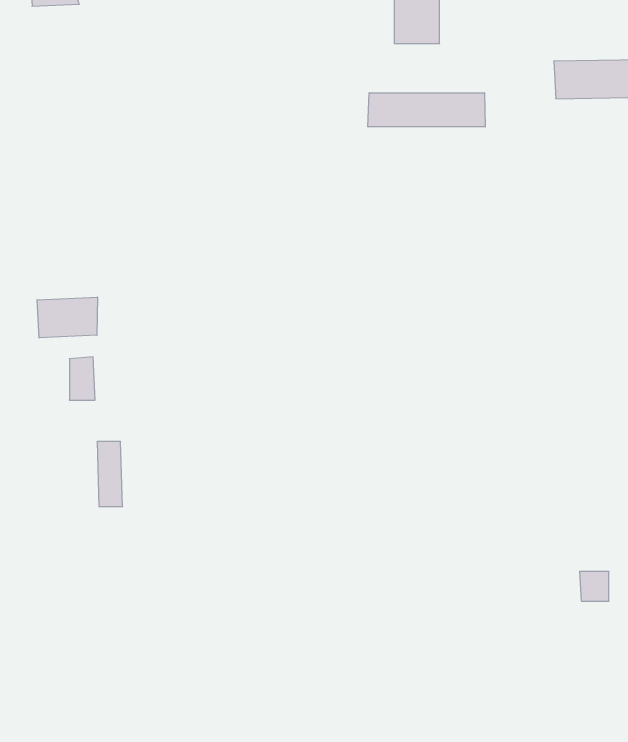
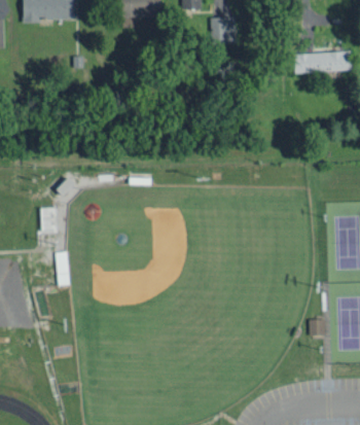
building: [368,93,485,127] -> none
building: [37,297,97,338] -> none

